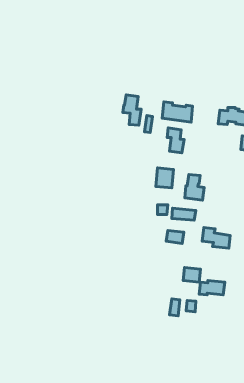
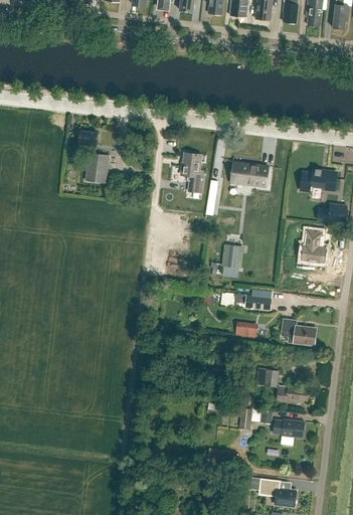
building: none -> [78,131,109,183]
building: [167,128,184,153] -> none
building: [185,175,204,200] -> [302,231,326,264]
building: none -> [274,419,305,439]
building: none -> [258,479,297,507]

